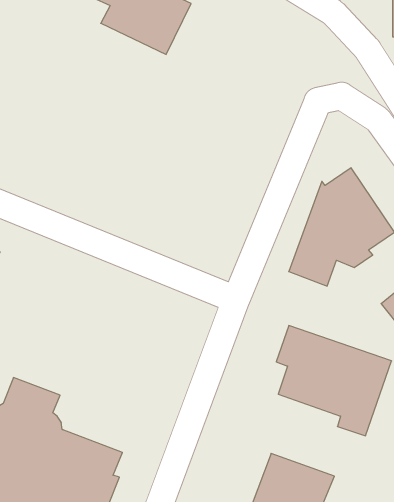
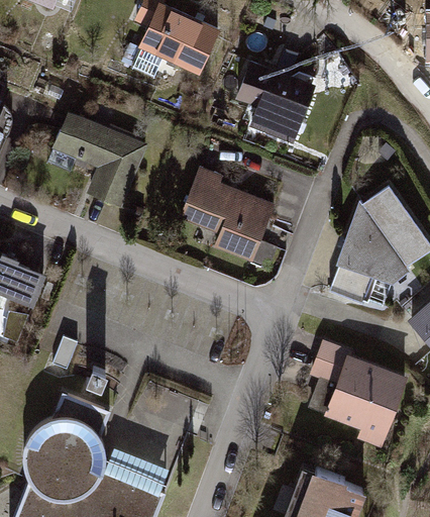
building: none -> [239,62,320,131]
building: none -> [56,113,148,208]
building: none -> [184,172,279,264]

